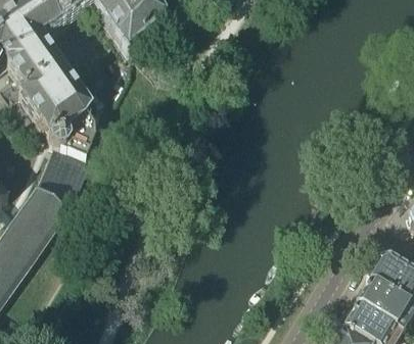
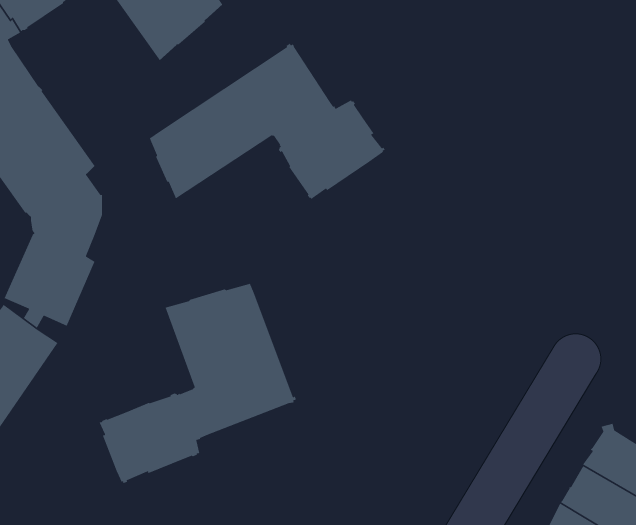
building: none -> [149,43,386,200]
building: none -> [99,283,297,484]

